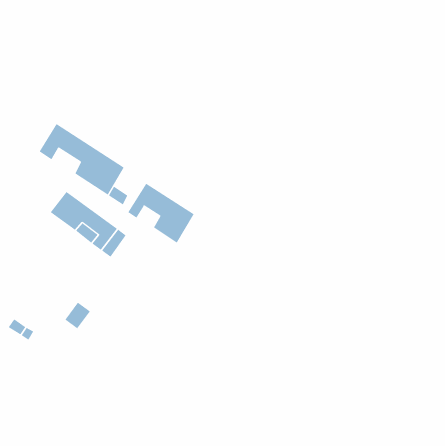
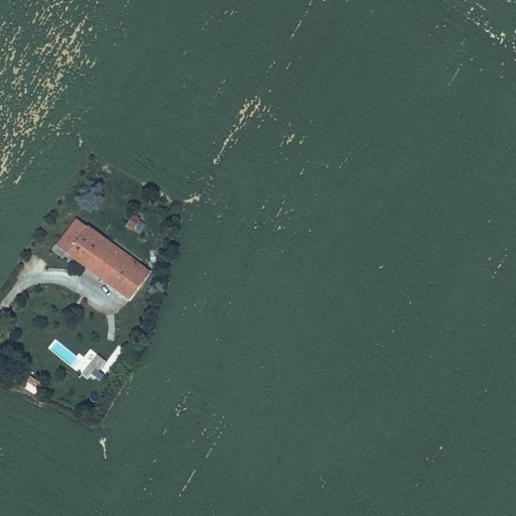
building: [39,123,125,196] -> none
building: [128,183,195,243] -> none

